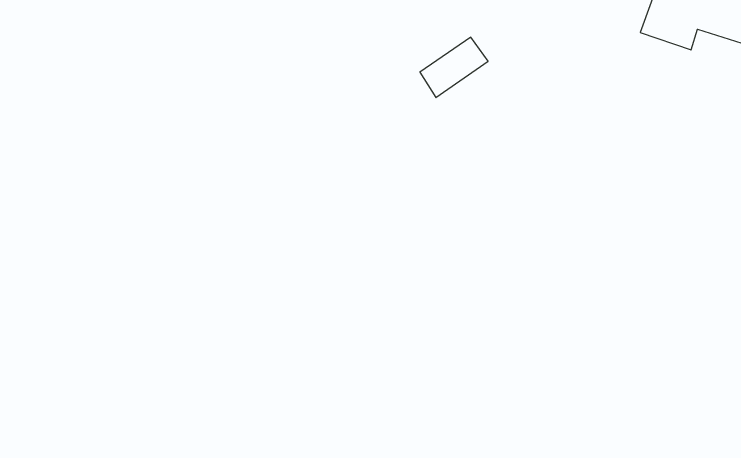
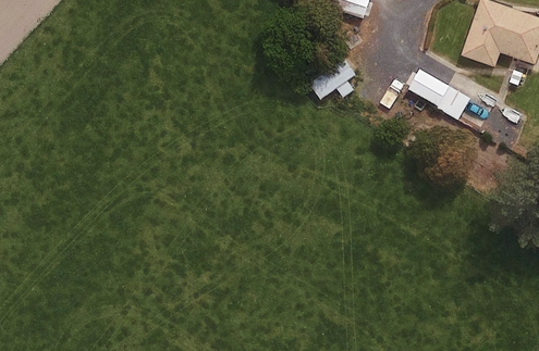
building: none -> [407,67,469,120]

